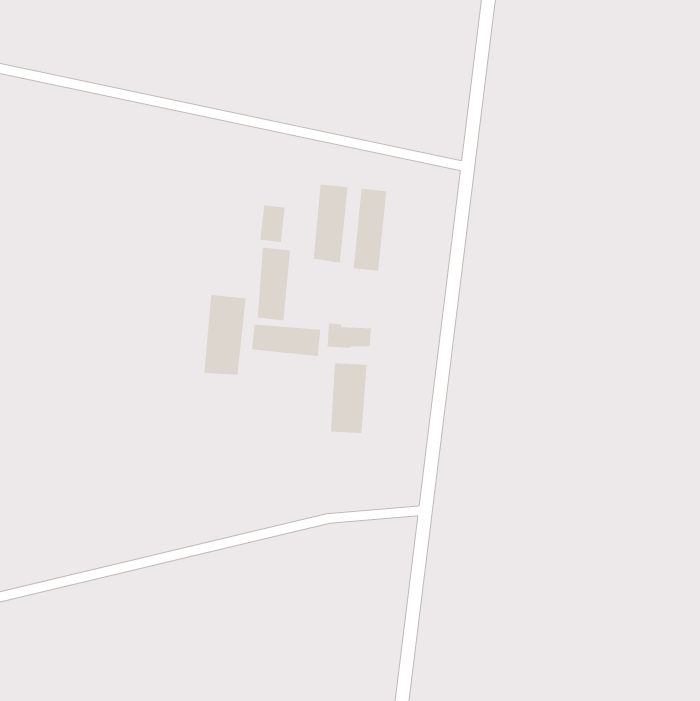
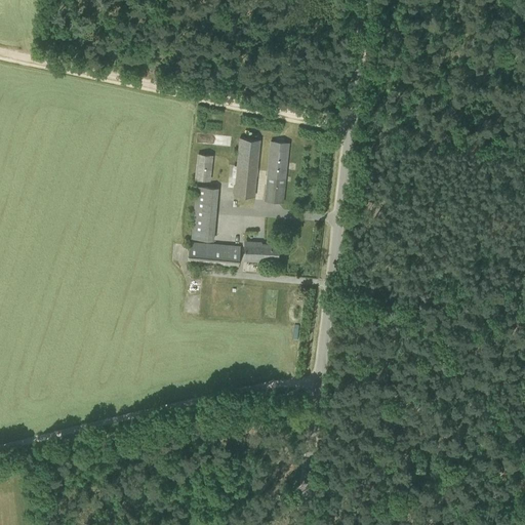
building: [204,294,246,375] -> none
building: [330,362,368,434] -> none

